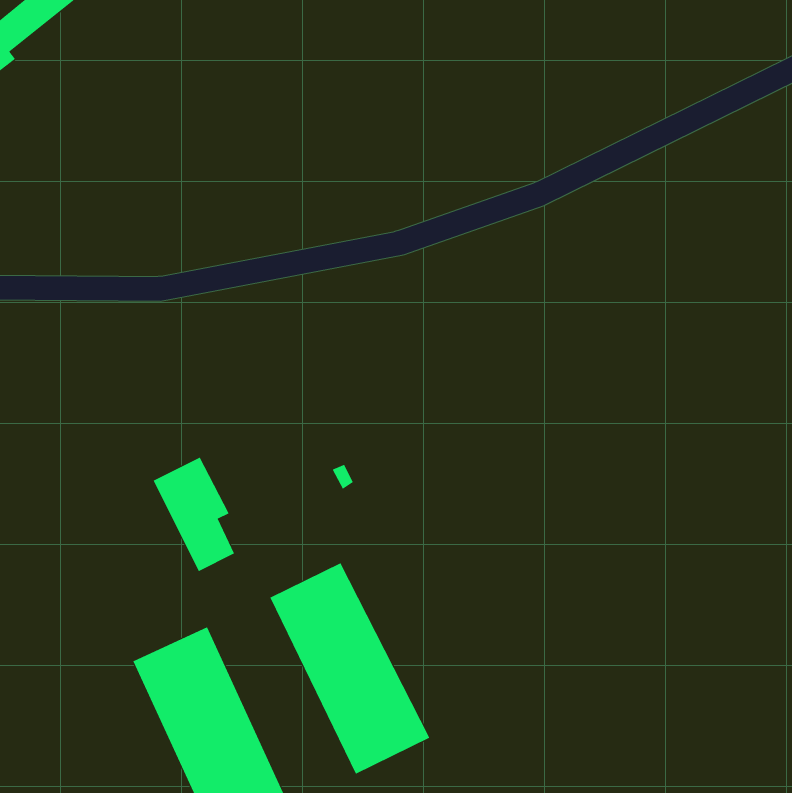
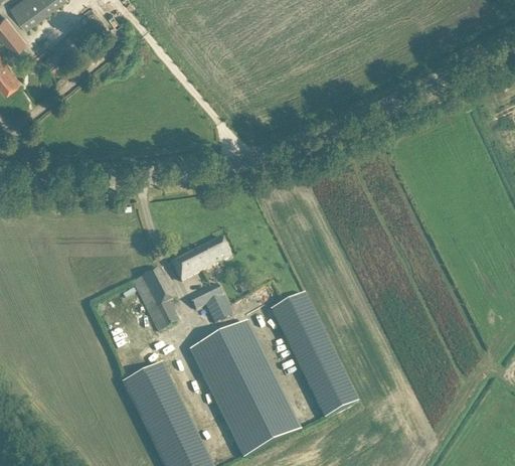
building: none -> [172,236,231,278]
building: none -> [189,281,232,320]
building: none -> [271,292,358,417]

